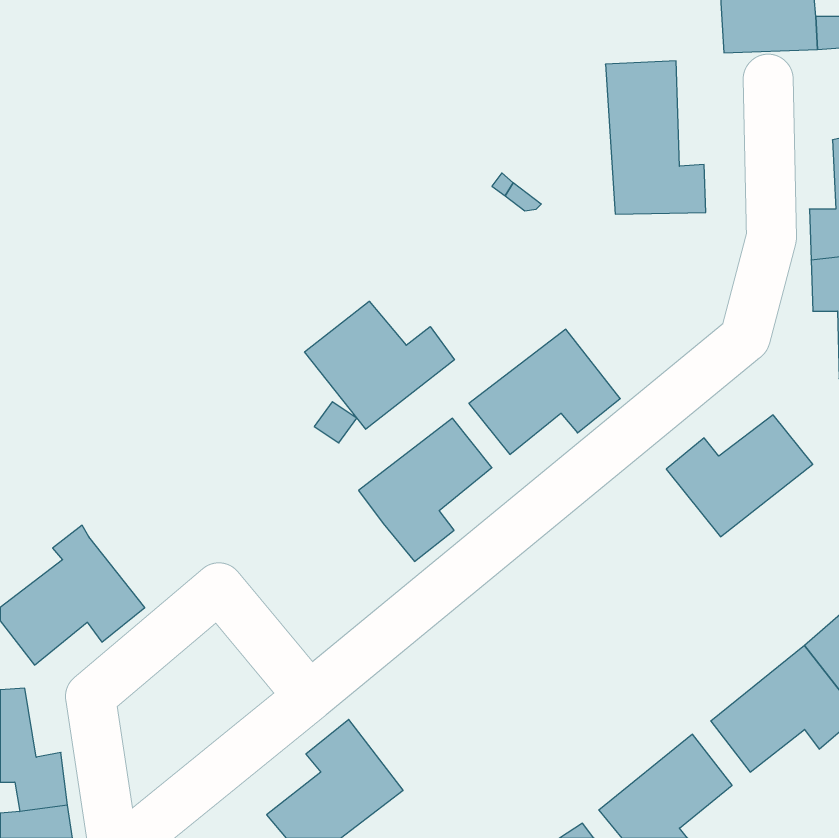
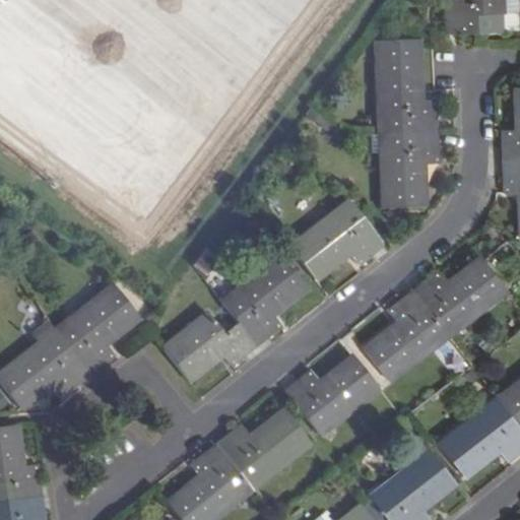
building: none -> [381,131,438,208]
building: [305,301,454,429] -> none
building: none -> [56,286,139,375]
building: none -> [362,289,446,379]
building: none -> [165,315,257,381]
building: none -> [283,355,377,433]
building: none -> [216,410,308,488]

